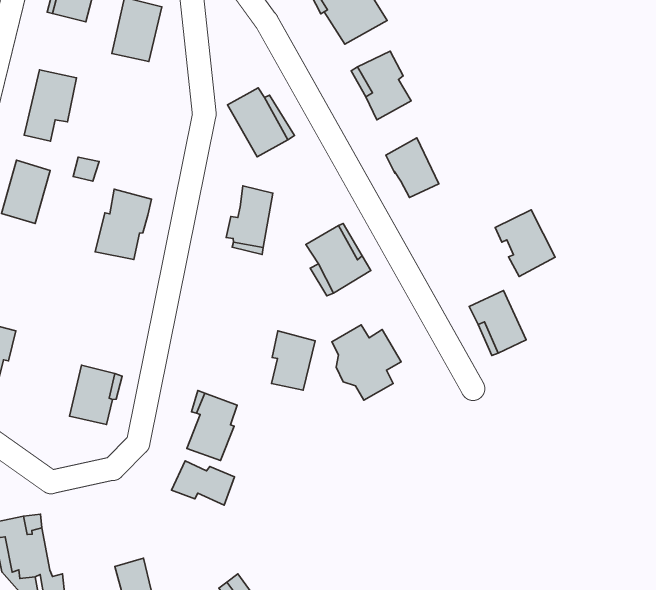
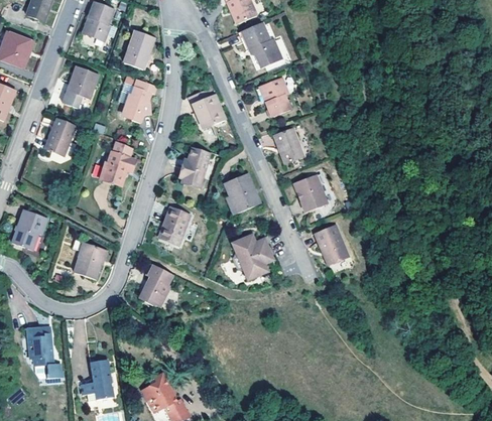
building: none -> [124,79,152,123]
building: [495,210,555,276] -> [294,175,328,214]
building: [271,331,315,390] -> [162,206,191,243]
building: [172,461,235,505] -> none

